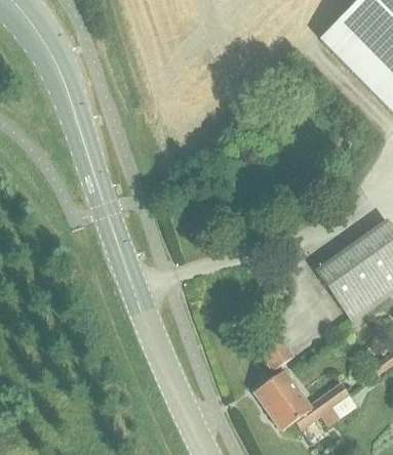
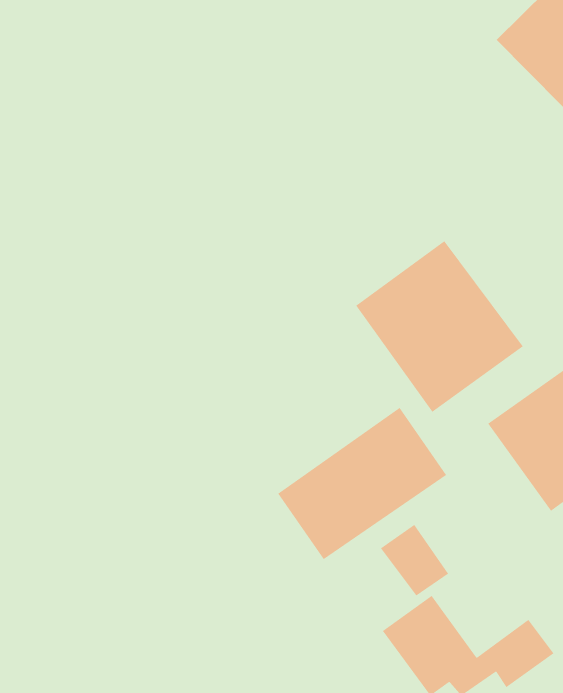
building: none -> [355,240,524,413]
building: none -> [277,407,447,560]

